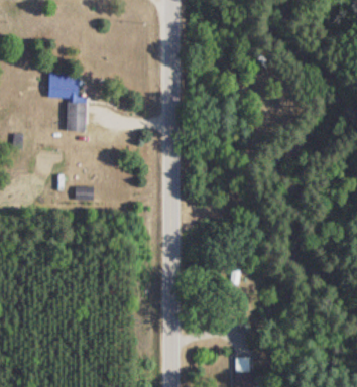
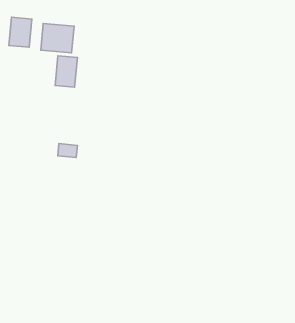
building: none -> [9,17,32,47]

